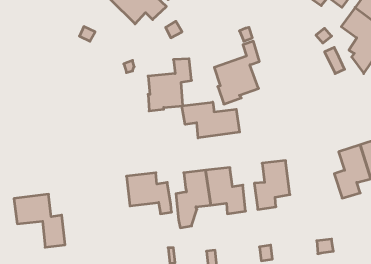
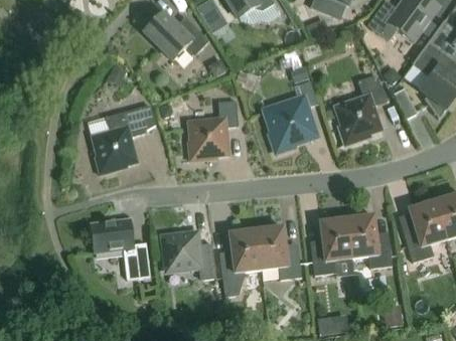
building: none -> [334,74,389,145]
building: none -> [92,105,155,175]
building: [182,102,240,138] -> none
building: none -> [347,214,393,268]
building: [14,194,65,247] -> [91,218,150,280]

